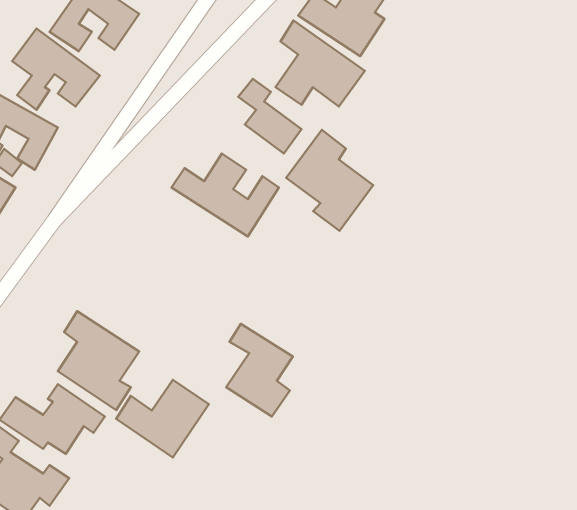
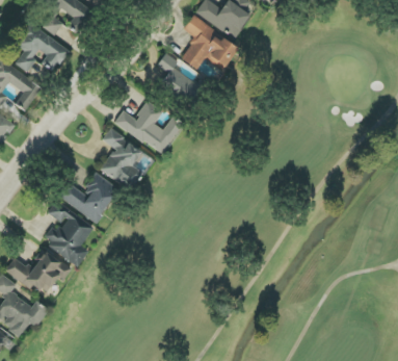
building: [286,130,373,231] -> none
building: [226,324,293,416] -> [100,129,142,188]
building: [116,380,209,458] -> [59,173,118,223]

